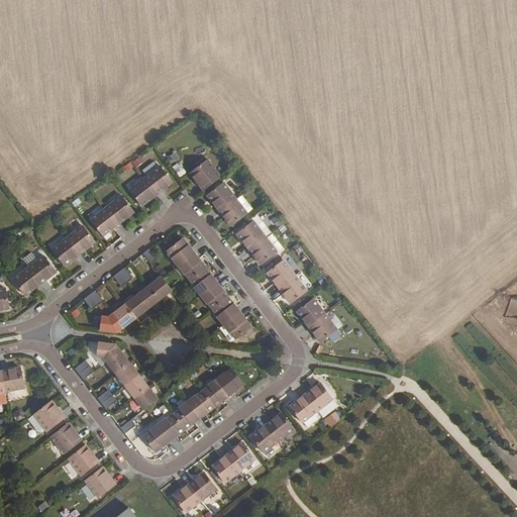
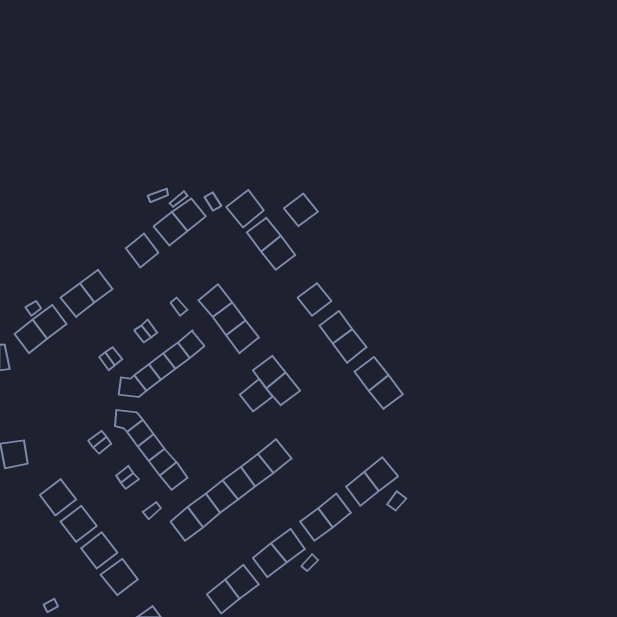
building: [90,207,117,235] -> none
building: [236,221,265,248] -> [284,194,318,226]
building: [200,282,227,309] -> [240,379,272,411]

